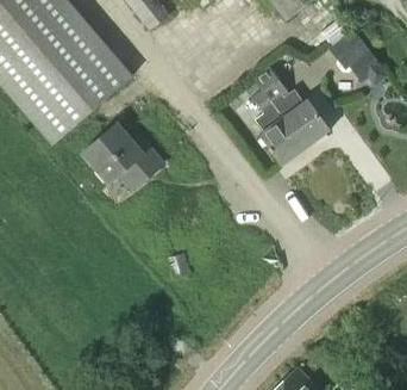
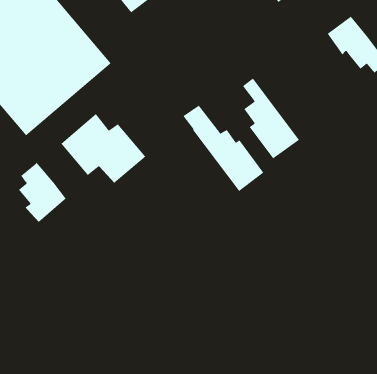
building: [255,66,331,147] -> [182,105,264,192]
building: none -> [18,162,67,223]

